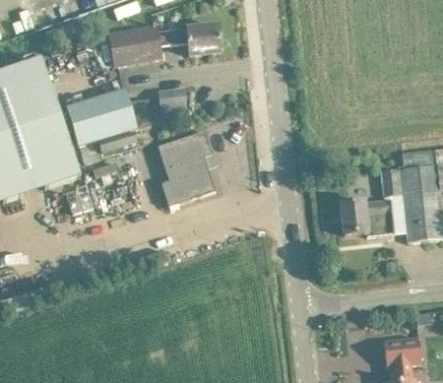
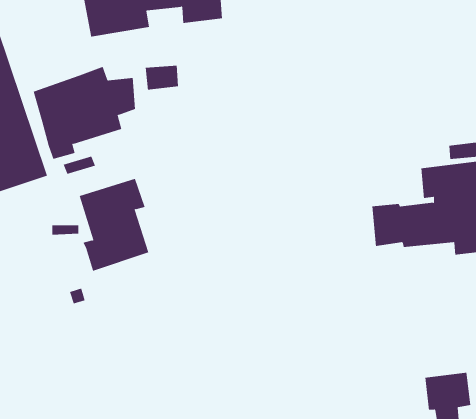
building: [157,129,214,204] -> [79,178,149,271]

